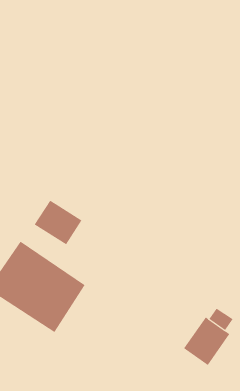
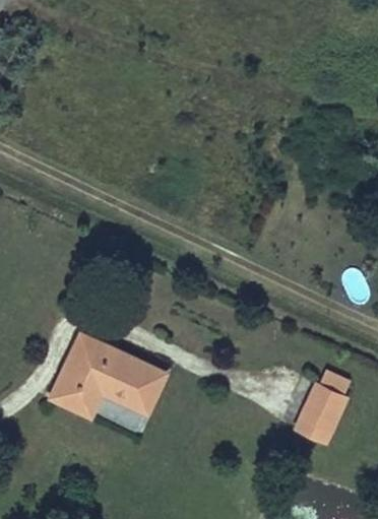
building: [34,200,82,245] -> none

